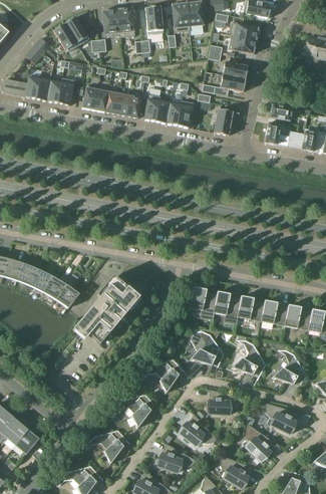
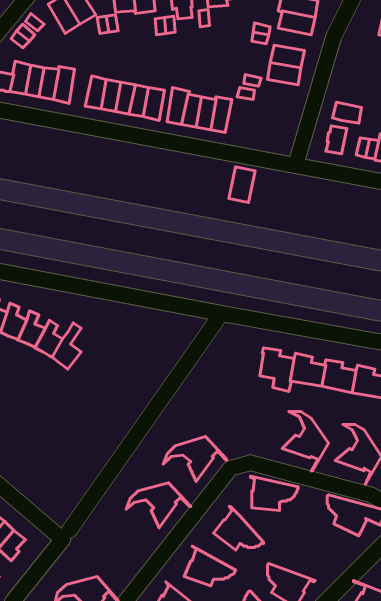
building: [213,108,233,136] -> [229,167,255,203]
building: [72,274,138,344] -> none
building: [190,287,217,319] -> none
building: [190,330,224,376] -> none
building: [245,424,279,461] -> none
building: [85,430,133,464] -> none

